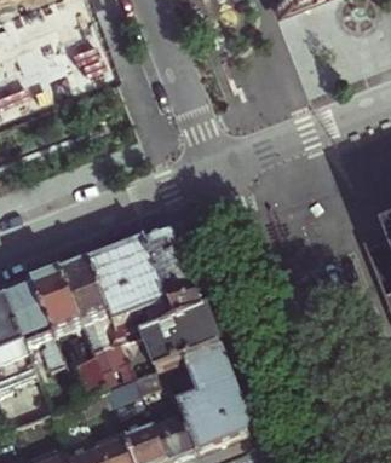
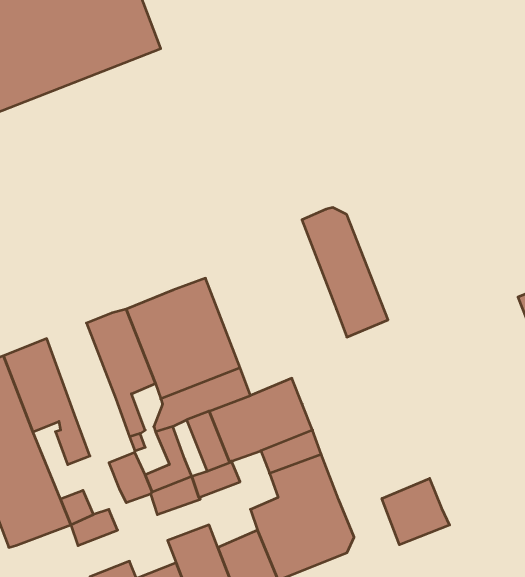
building: [148,226,208,317] -> [302,208,388,337]
building: [36,266,85,330] -> none
building: none -> [382,478,450,545]

